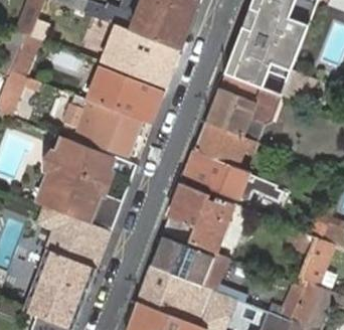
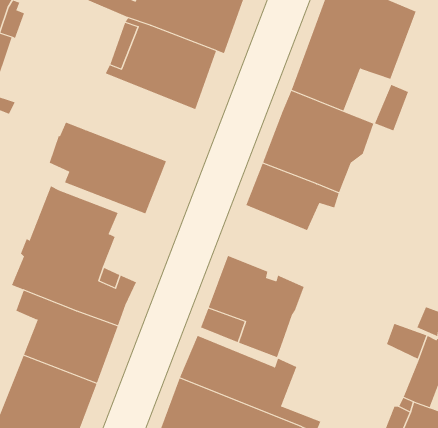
building: [88,70,163,125] -> none
building: [184,151,283,201] -> none

